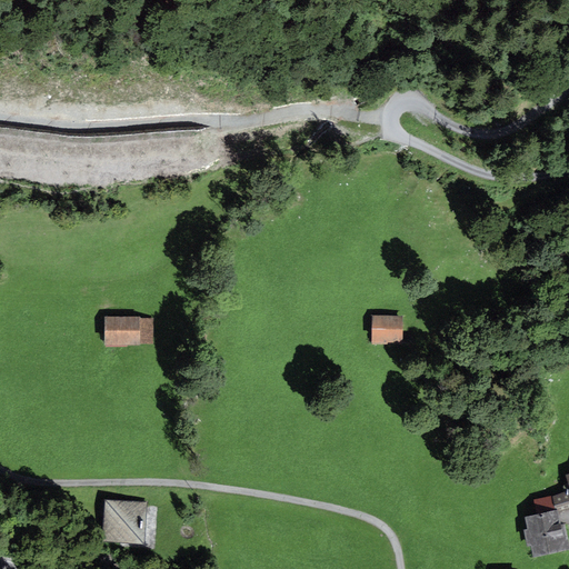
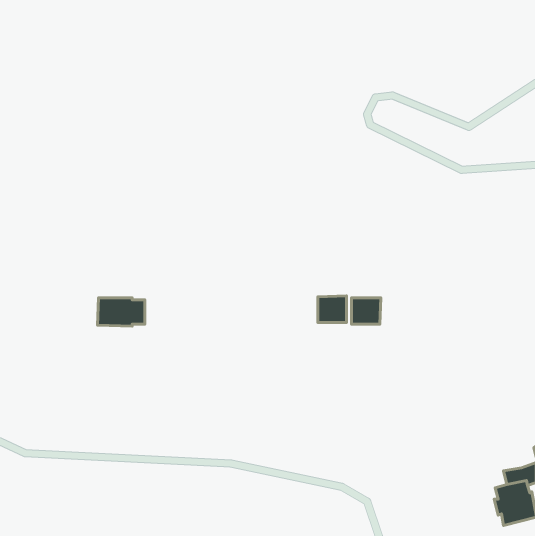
building: none -> [318,296,346,322]
building: [104,500,148,543] -> none

